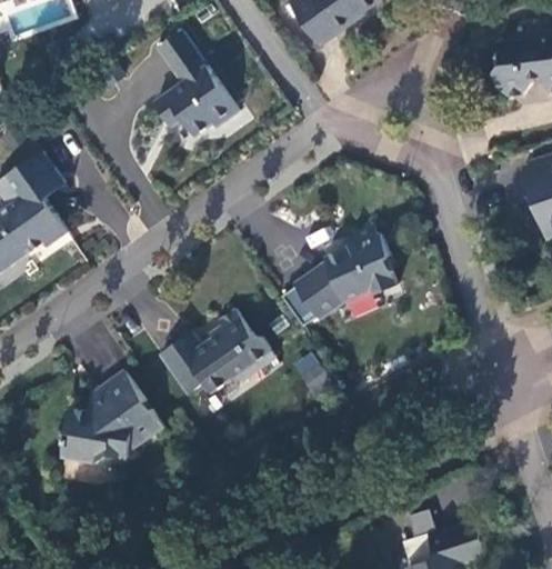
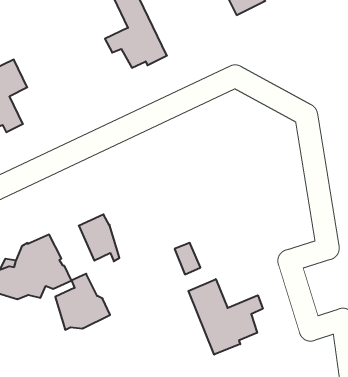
building: [292,224,395,318] -> none
building: [200,309,275,387] -> [55,274,110,330]
building: none -> [188,279,263,355]

